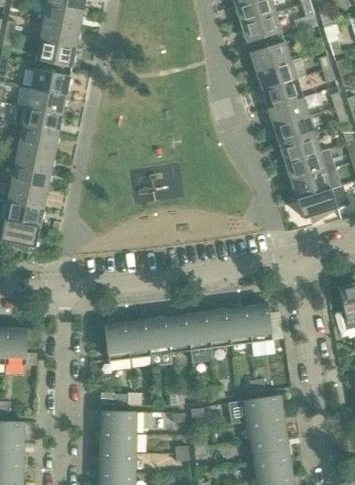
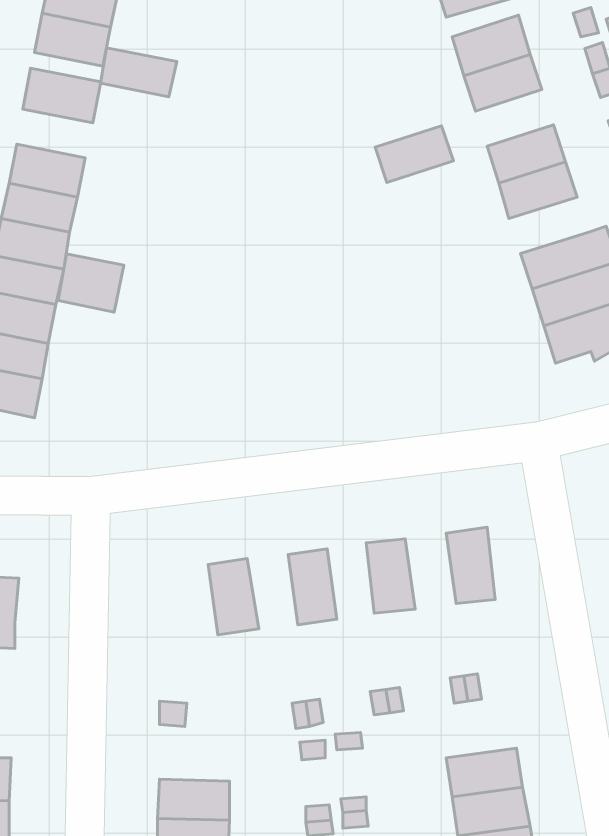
building: [262,78,302,107] -> [375,126,453,182]
building: [27,88,66,113] -> [101,48,177,97]
building: [279,133,320,162] -> none
building: none -> [58,254,124,312]
building: [226,305,252,344] -> none
building: [186,310,212,362] -> none
building: [145,316,172,365] -> none
building: [104,321,130,360] -> none
building: [244,394,283,420] -> none
building: [100,409,136,432] -> none

